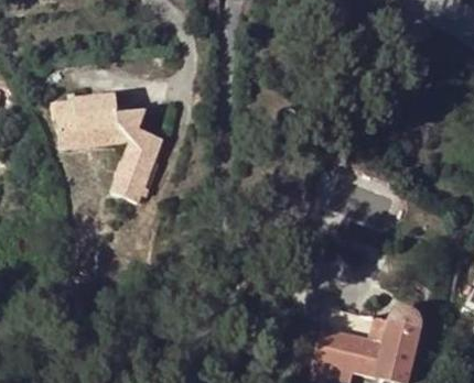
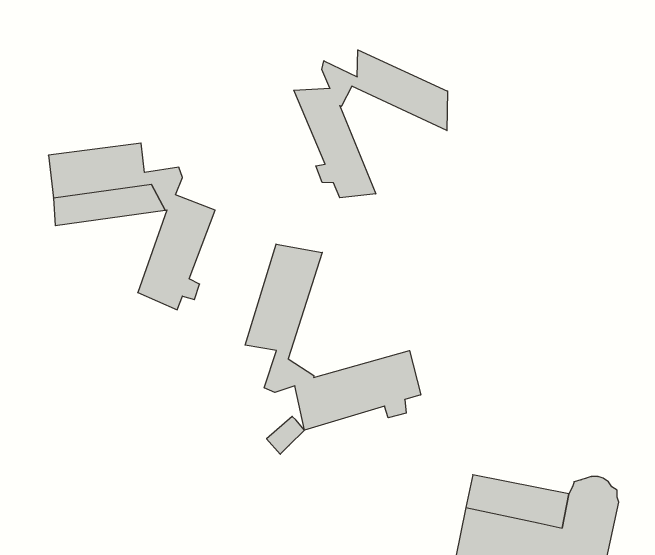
building: none -> [294,50,448,198]
building: none -> [245,244,421,430]

